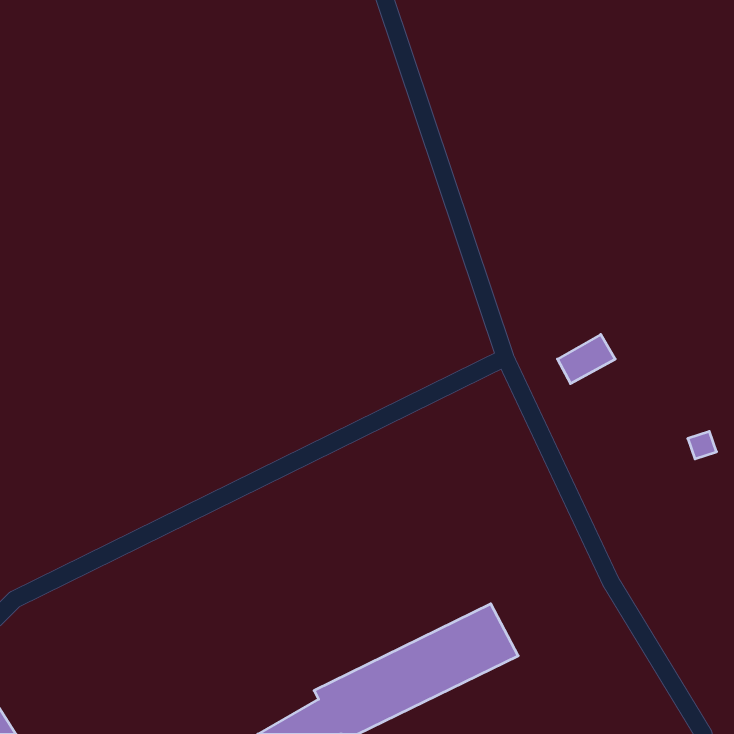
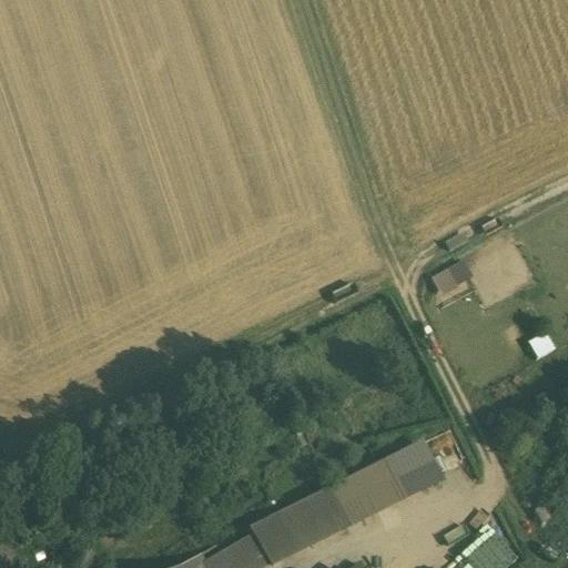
building: none -> [376,444,434,503]

